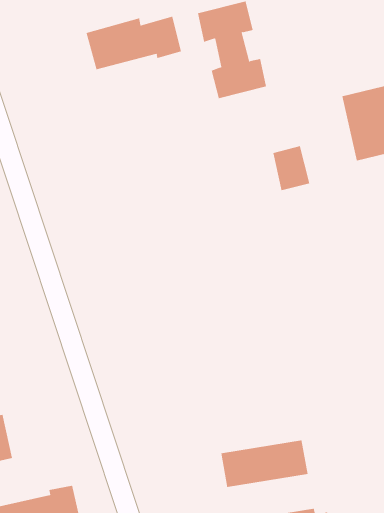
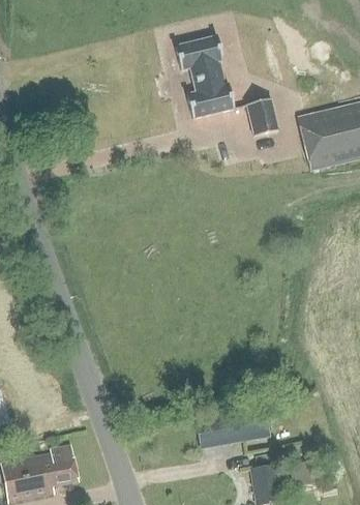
building: [86,16,182,70] -> none
building: [272,146,310,191] -> [246,97,278,136]

